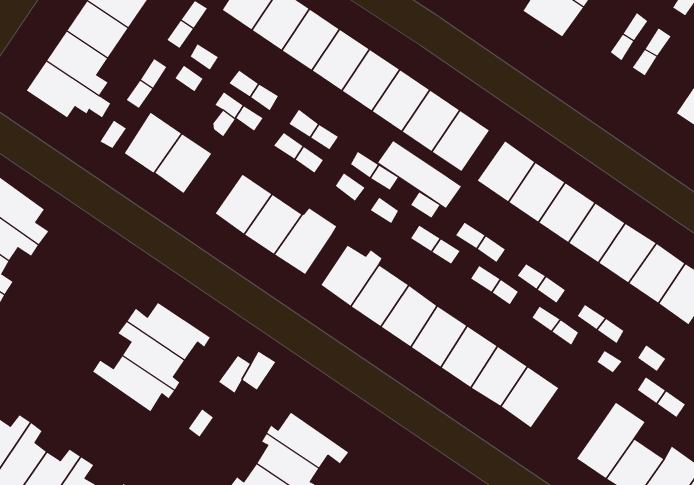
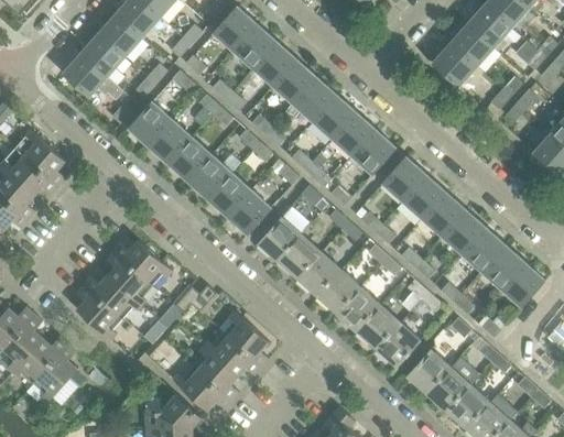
building: [377,140,462,209] -> none
building: none -> [167,136,212,181]
building: none -> [76,283,122,340]
building: none -> [224,309,270,367]
building: none -> [406,348,451,393]

